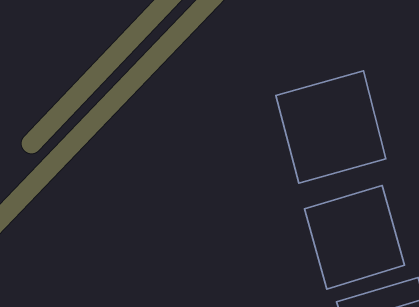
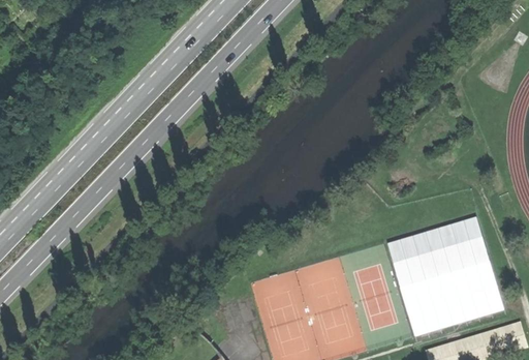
building: [276,71,386,183] -> none

